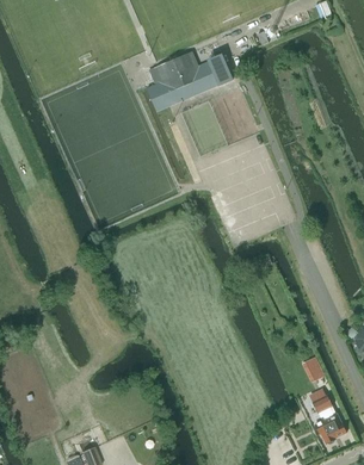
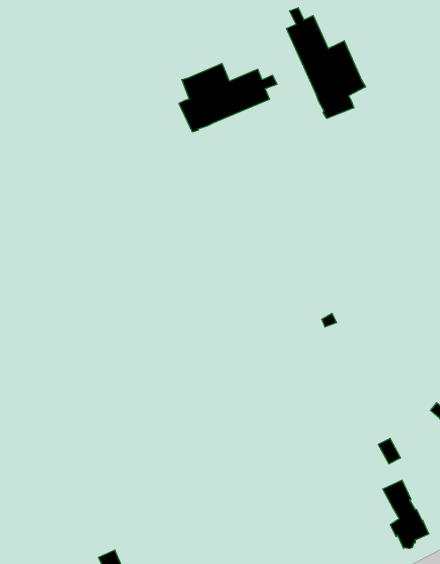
building: none -> [287,8,366,118]

